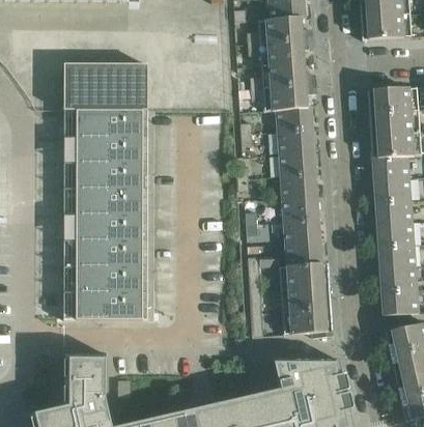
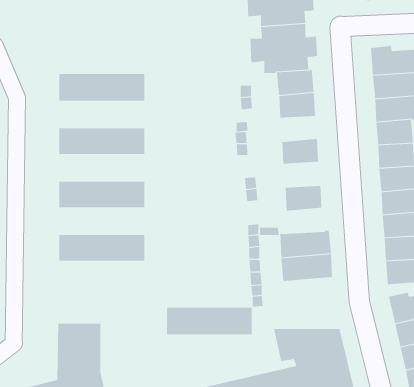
building: [64,62,147,109] -> none
building: [64,136,148,162] -> none
building: [279,150,316,175] -> none
building: [64,188,148,214] -> none
building: [282,195,319,220] -> none
building: [64,239,148,265] -> none
building: [285,239,322,264] -> none
building: [64,291,148,318] -> [166,307,253,335]
building: [282,307,333,336] -> none

